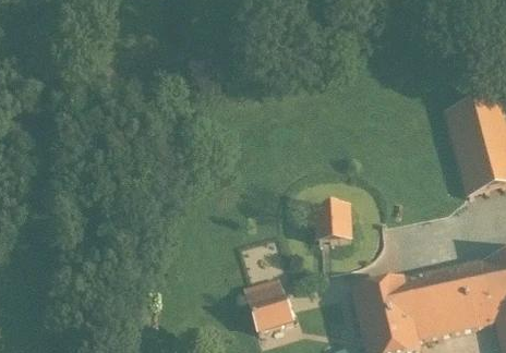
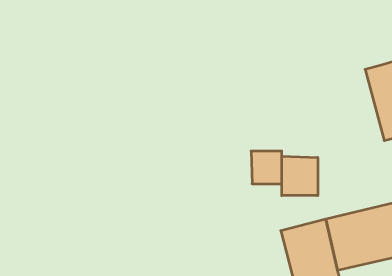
building: none -> [282,156,318,196]
building: [243,270,293,332] -> none

